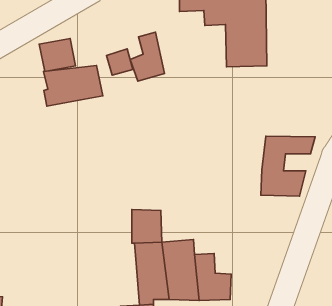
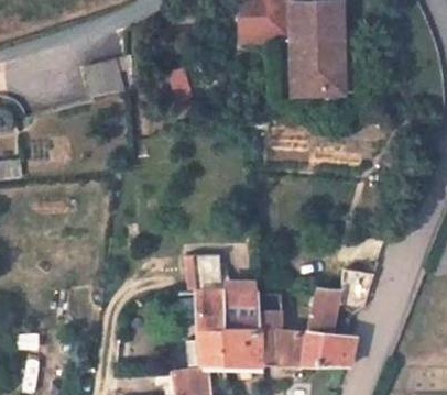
building: [130,32,164,81] -> none
building: [44,66,103,106] -> none
building: [261,136,315,196] -> [304,294,368,364]

